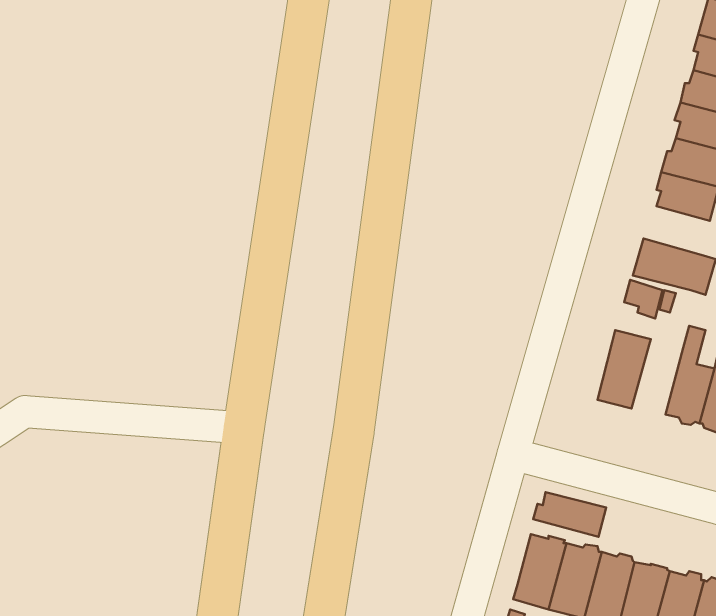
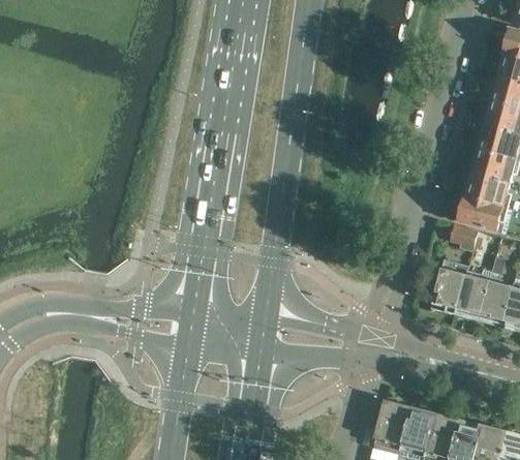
building: none -> [465,173,512,207]
building: none -> [457,269,493,318]
building: [533,492,606,537] -> none

